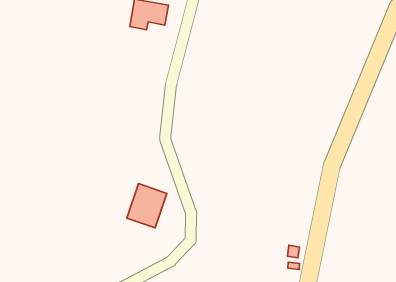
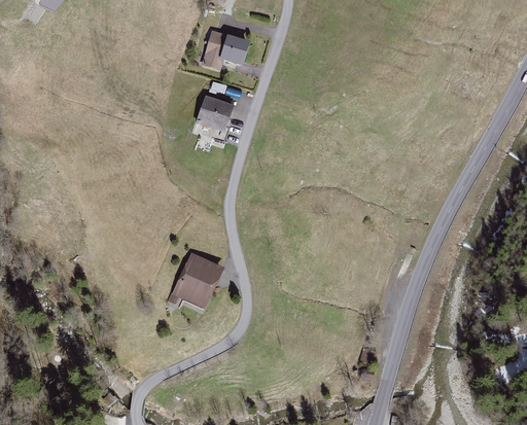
building: none -> [198,98,234,132]

